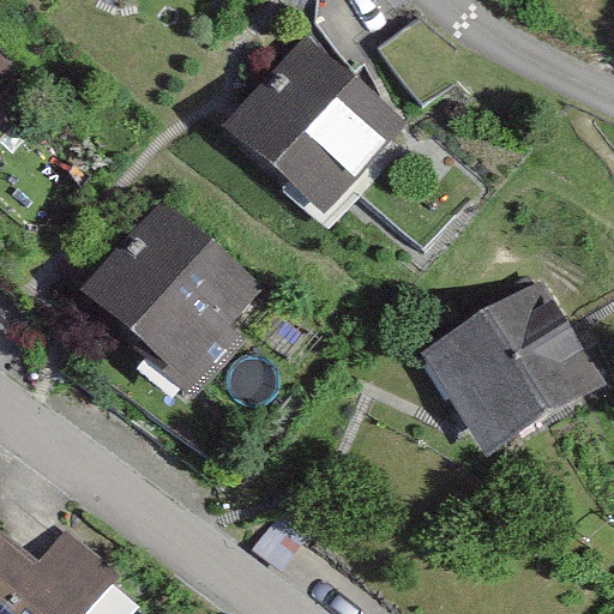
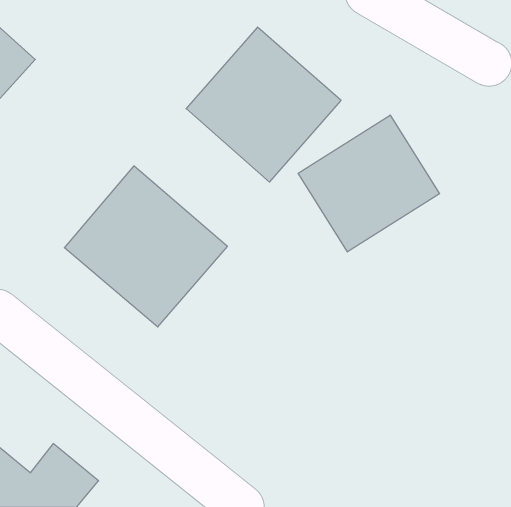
building: none -> [298,115,440,252]
building: [420,281,602,456] -> none

